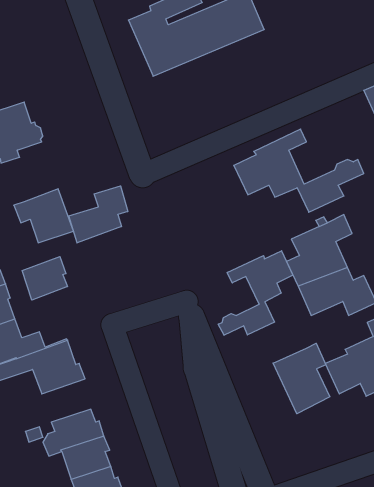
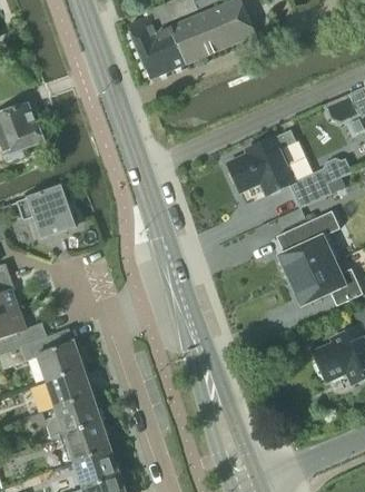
building: [69,186,128,243] -> none
building: [218,251,293,335] -> none
building: [22,257,67,300] -> none
building: [273,343,330,414] -> none
building: none -> [45,366,91,407]

